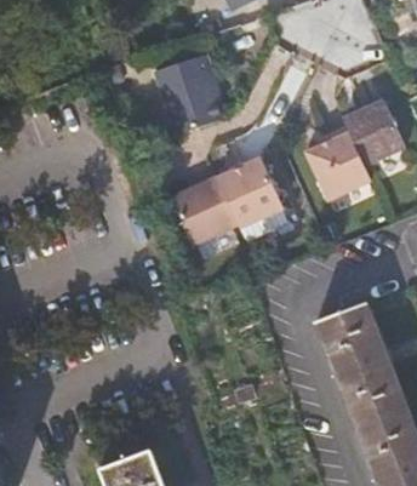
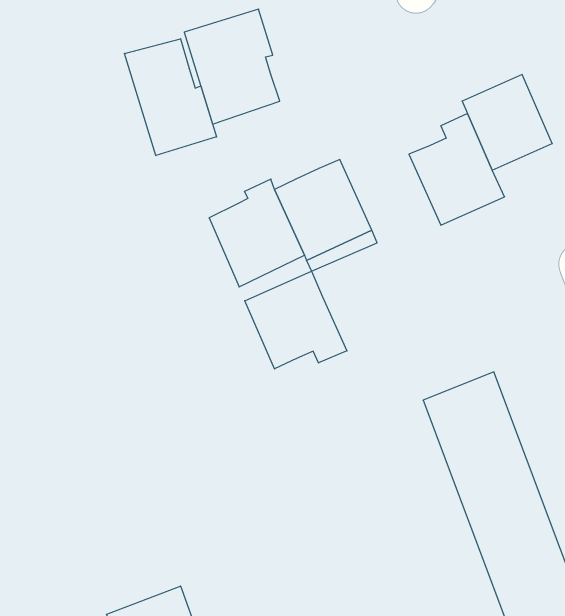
building: none -> [124,39,217,156]
building: none -> [245,271,347,369]

